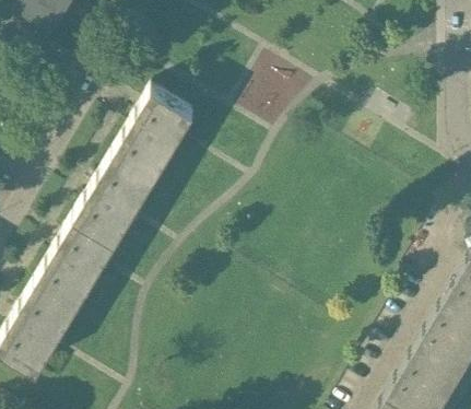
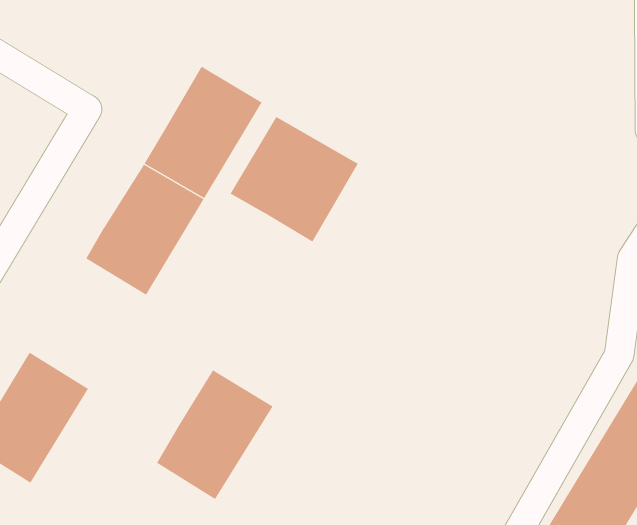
building: none -> [230,116,358,243]
building: [36,217,116,305] -> [156,370,274,500]

